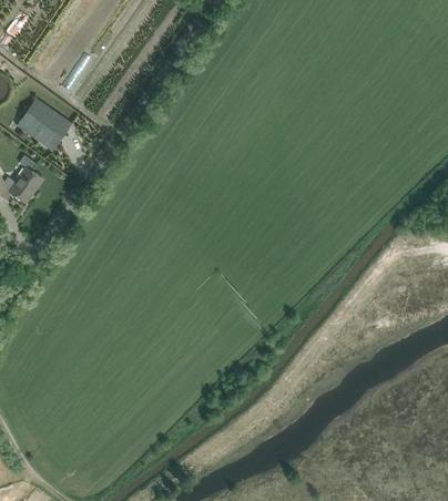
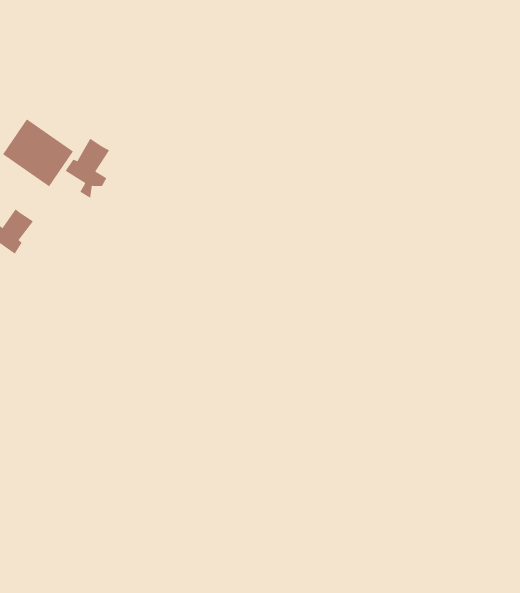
building: none -> [65,138,110,199]

